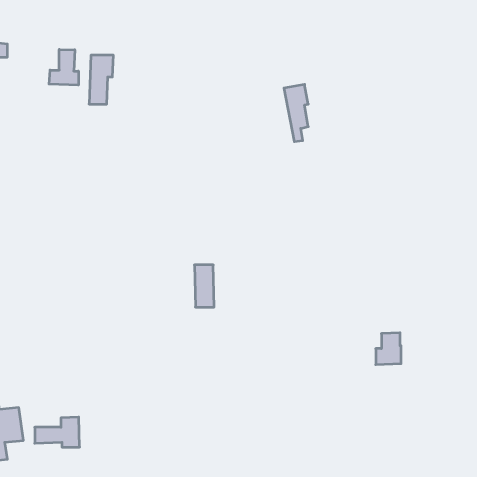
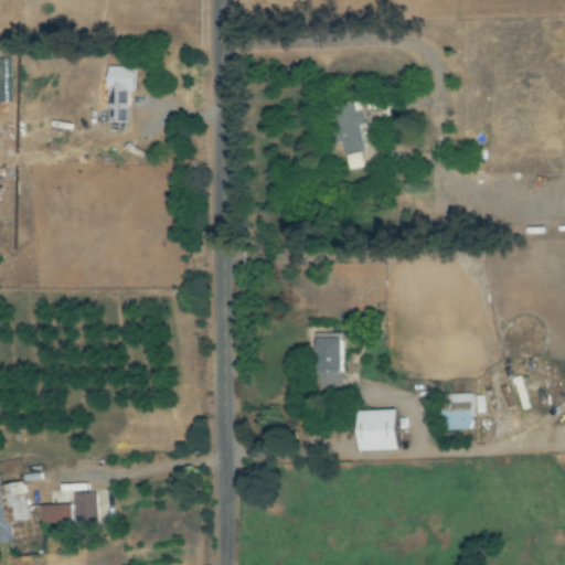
building: [49,49,78,85] -> none
building: [194,265,214,307] -> [319,338,342,387]
building: none -> [356,409,398,450]

